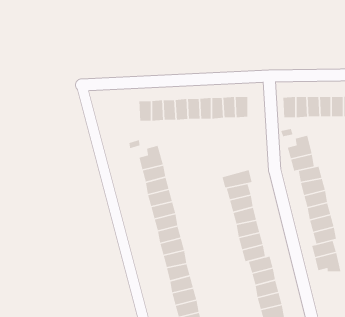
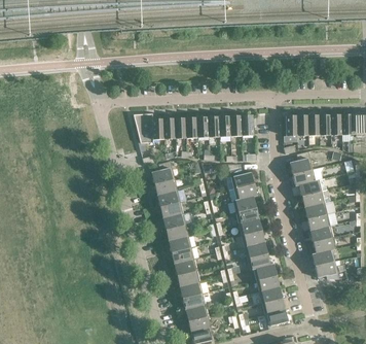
building: none -> [133,112,153,142]
building: none -> [226,167,254,190]

